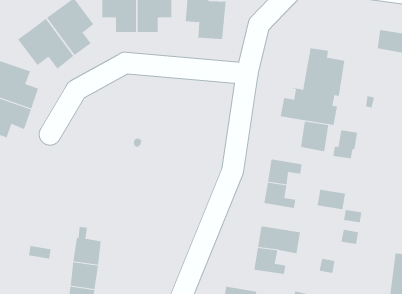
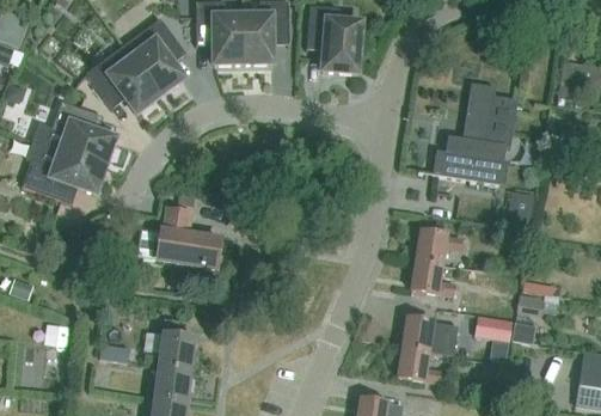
building: [300,121,329,152] -> none
building: none -> [159,206,221,279]
building: [317,189,346,210] -> [476,314,514,342]

